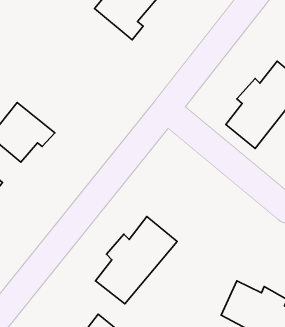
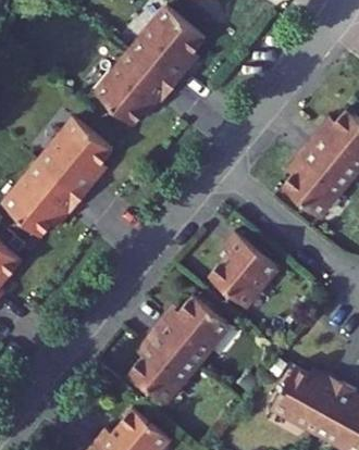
building: none -> [96,50,173,122]
building: none -> [37,117,111,197]
building: none -> [210,233,274,304]

